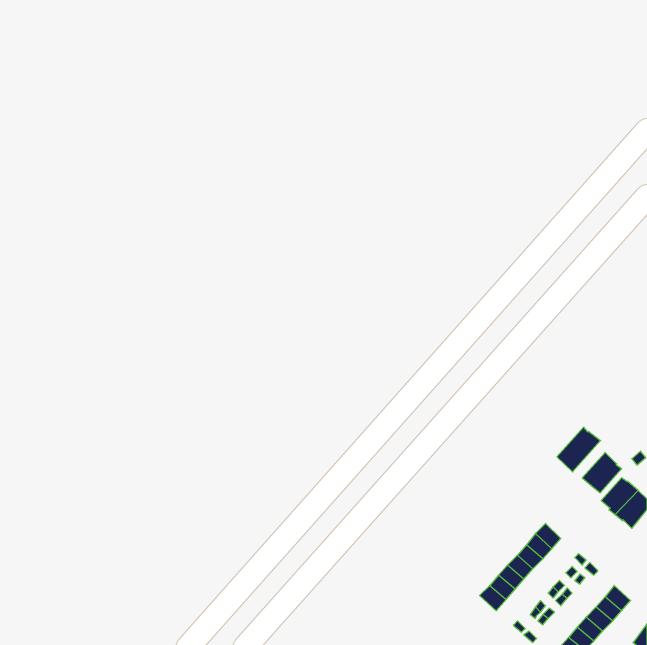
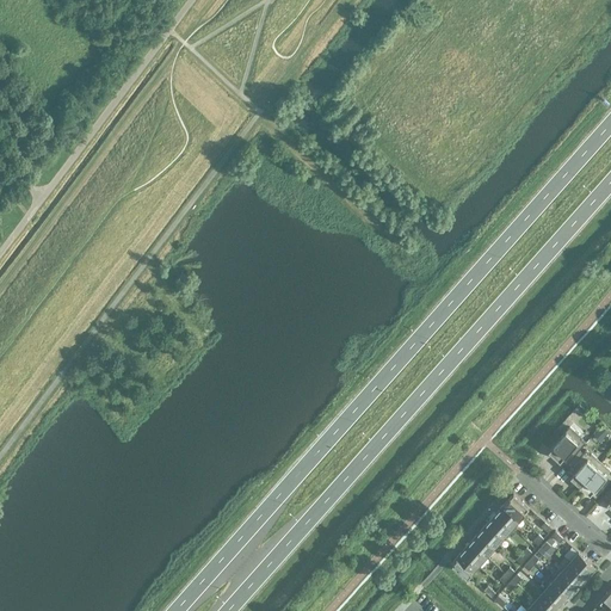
building: [557,427,601,472] -> none

